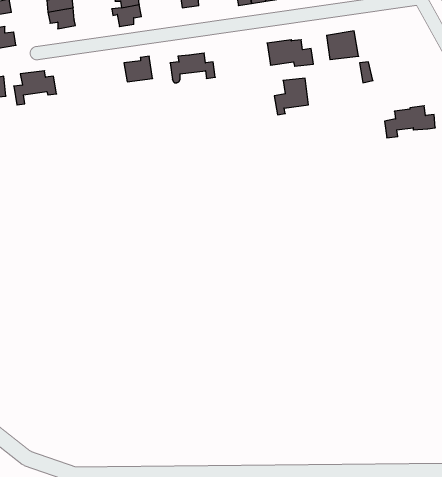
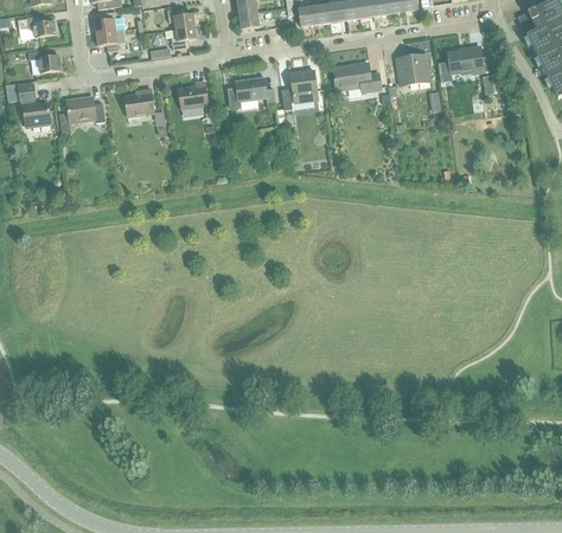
building: none -> [124,88,154,115]
building: [274,78,308,115] -> [281,70,318,109]
building: [385,106,435,138] -> [438,46,492,81]

